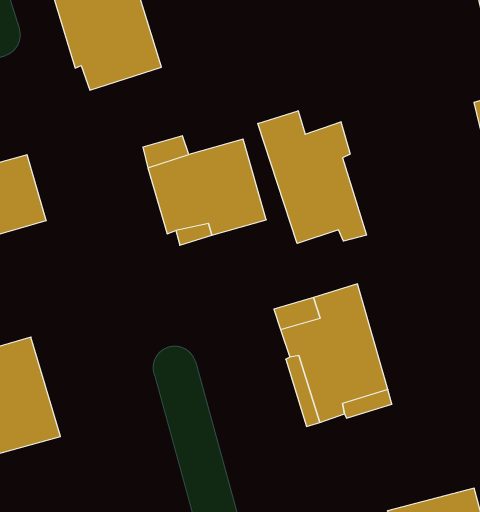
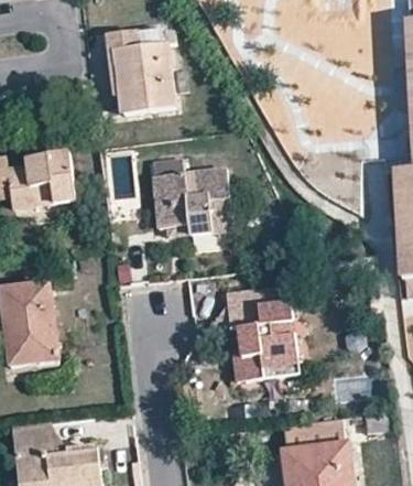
building: [258,111,367,243] -> none

